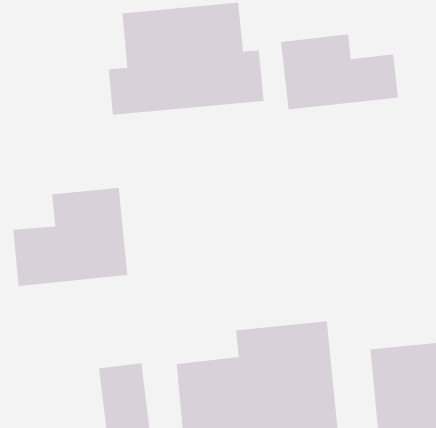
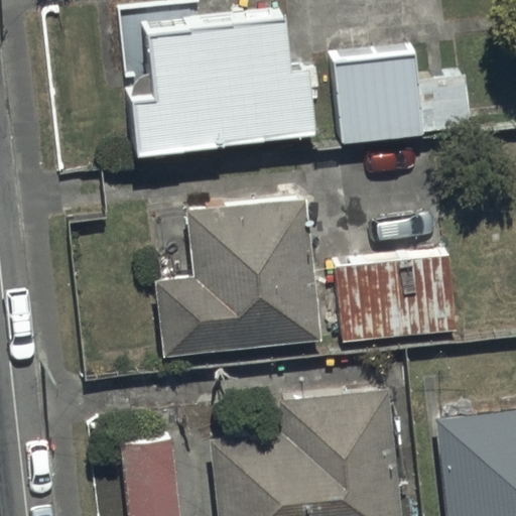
building: none -> [156,198,317,356]
building: [12,187,128,287] -> none
building: none -> [337,254,459,346]

